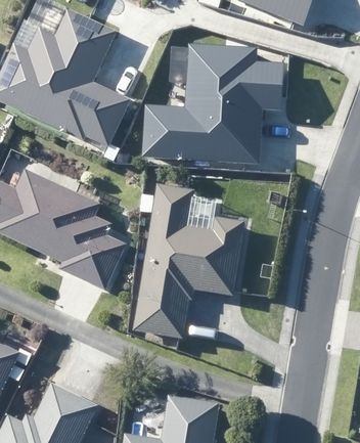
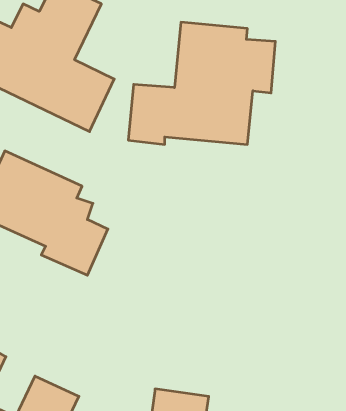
building: [136,183,244,336] -> none

